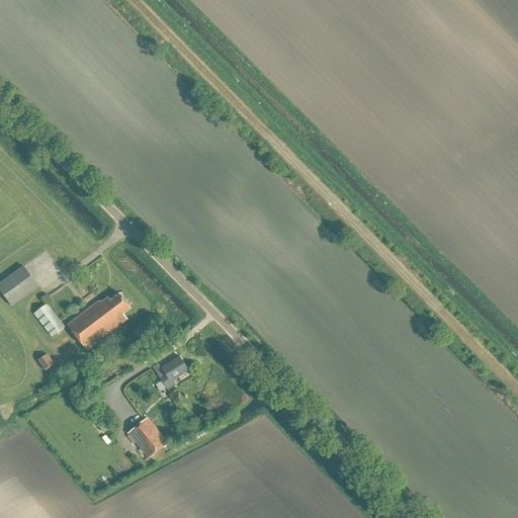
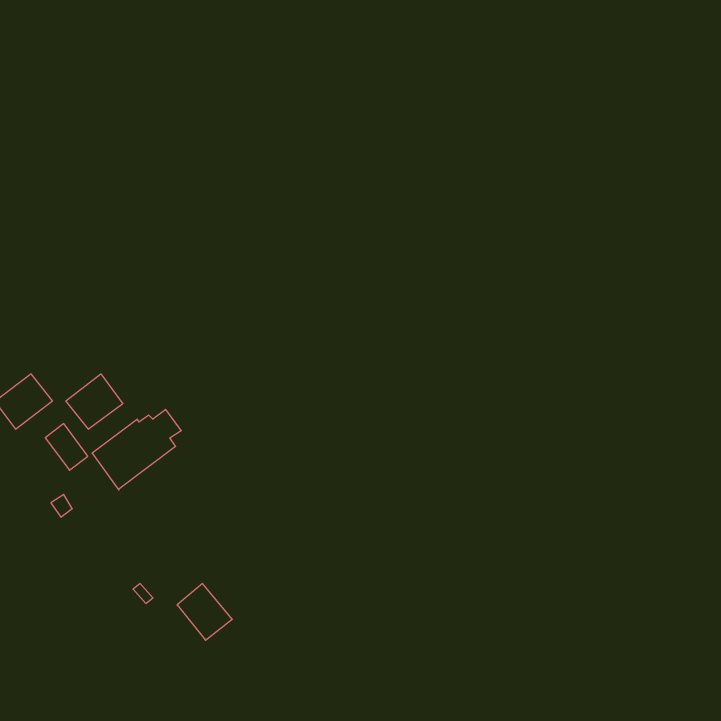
building: none -> [66,374,123,429]
building: [159,355,189,387] -> none

